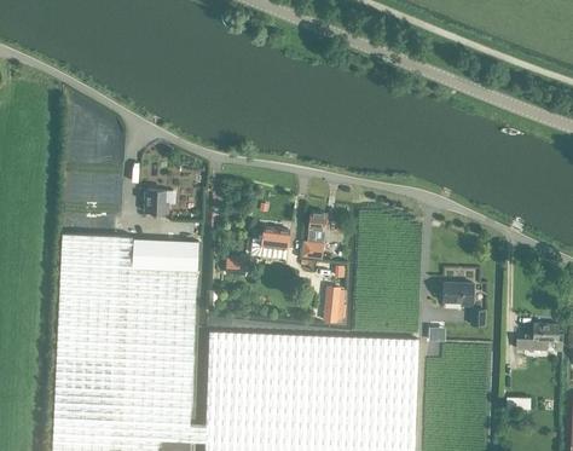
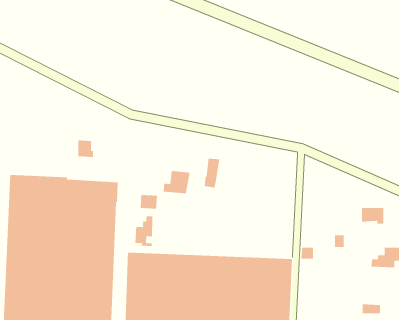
building: [445,284,474,306] -> [361,207,384,225]
building: none -> [135,215,153,247]
building: [323,288,345,322] -> none

